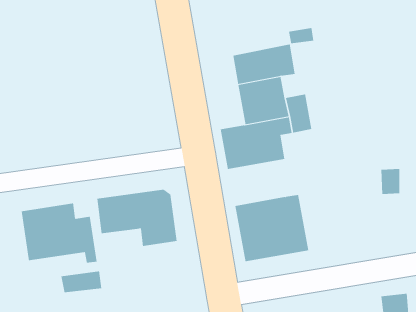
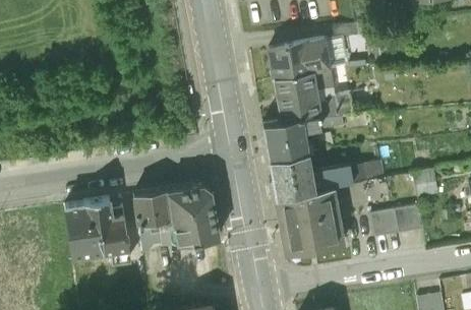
building: none -> [266,158,371,203]
building: none -> [368,206,417,237]
building: [61,271,102,293] -> [141,226,182,247]

